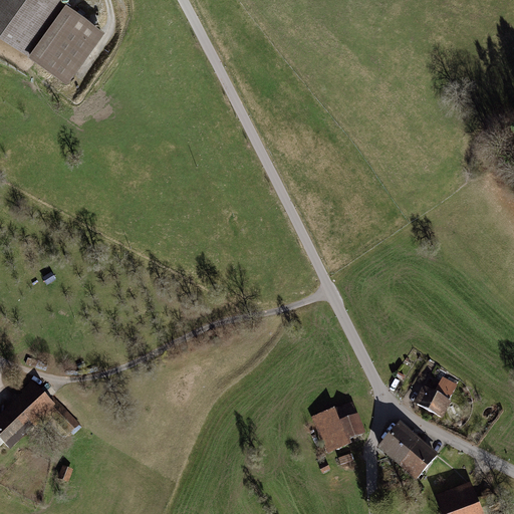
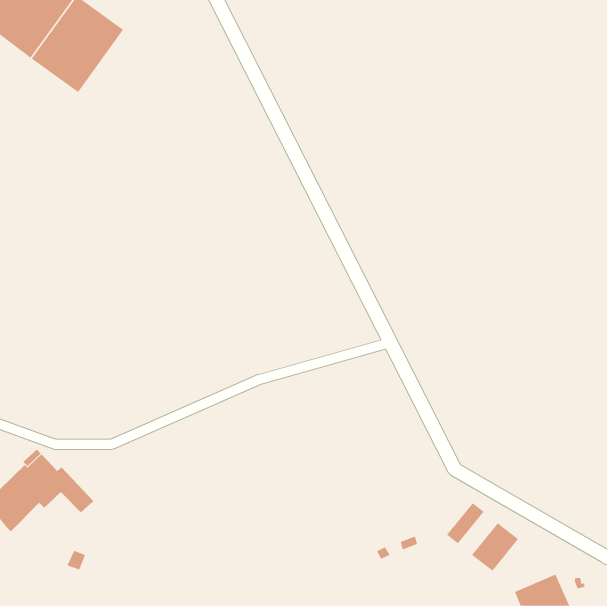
building: [413,378,457,421] -> none
building: [310,404,363,456] -> none
building: [387,432,420,468] -> none

